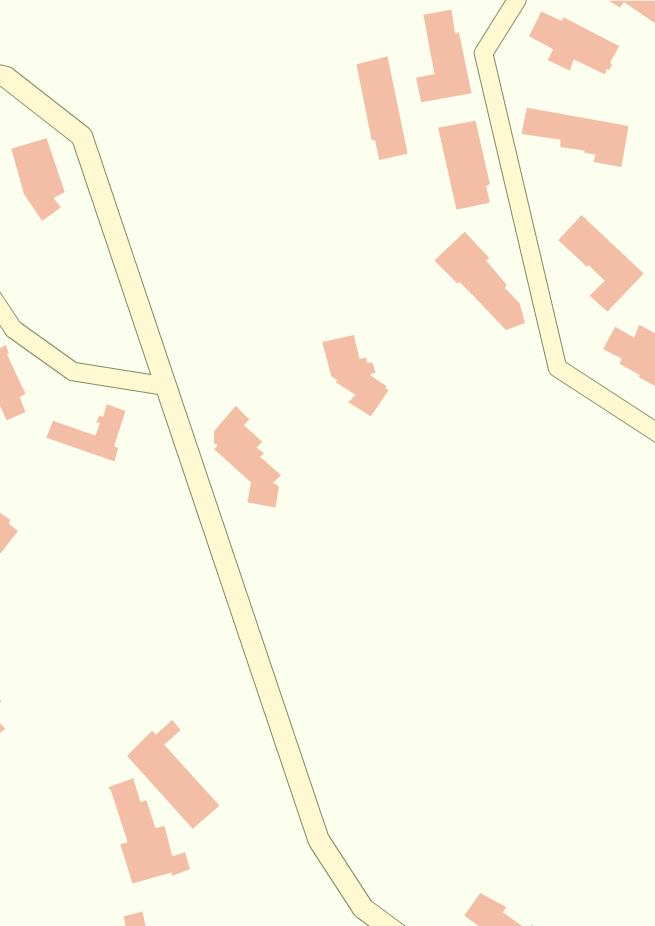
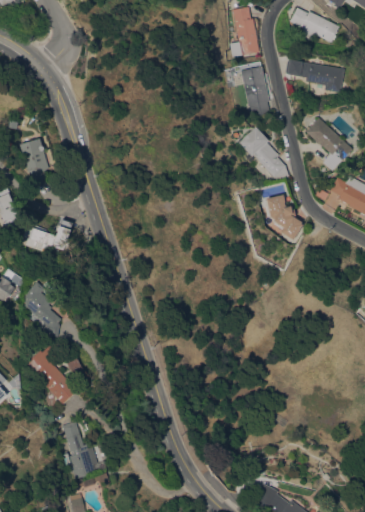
building: [355,56,409,161] -> none
building: [10,137,66,222] -> [19,138,49,184]
building: [321,334,390,417] -> [265,194,302,239]
building: [213,405,282,509] -> [24,281,61,337]
building: [126,719,221,830] -> [26,344,77,404]

